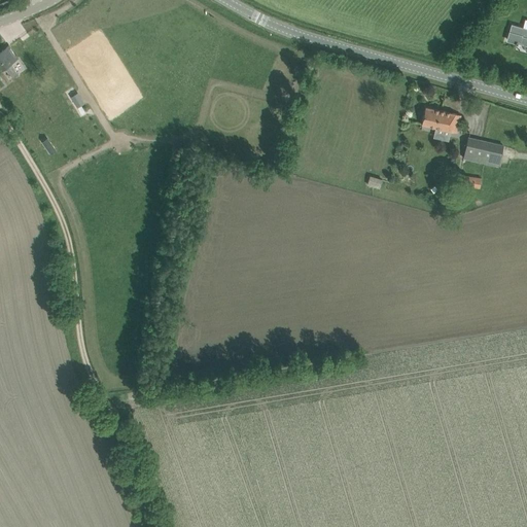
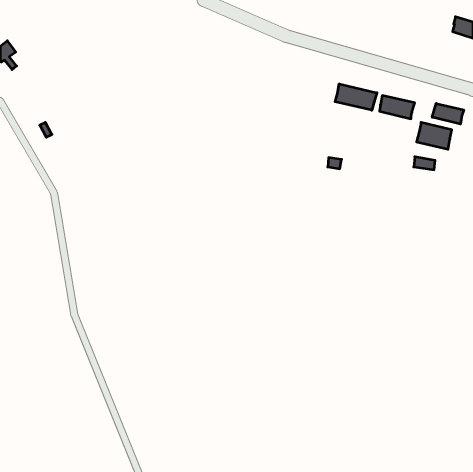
building: none -> [335,84,377,110]
building: none -> [432,103,464,124]

